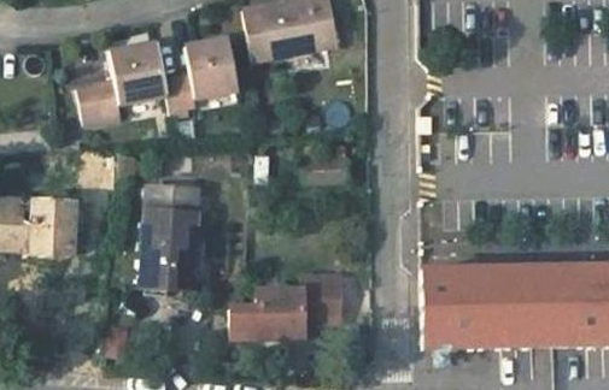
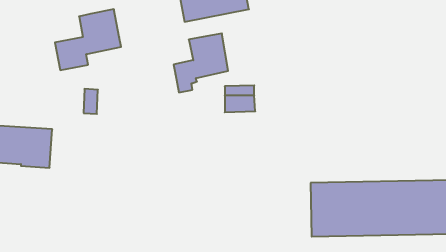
building: [164,39,238,118] -> [174,33,228,92]
building: [141,187,198,290] -> none
building: [230,277,341,339] -> none

